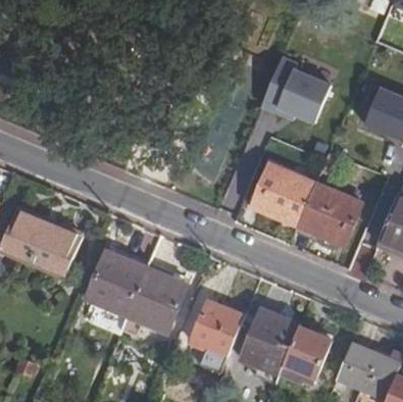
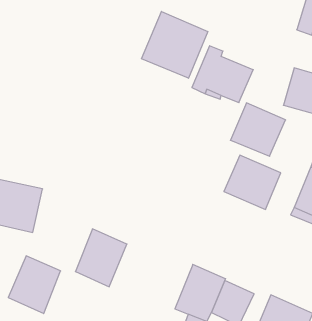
building: none -> [141,11,208,78]
building: [251,163,314,224] -> [230,103,286,156]
building: [85,250,145,316] -> [8,256,61,314]
building: [190,301,243,356] -> none

